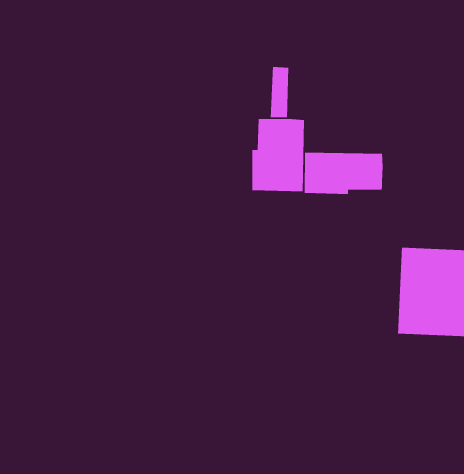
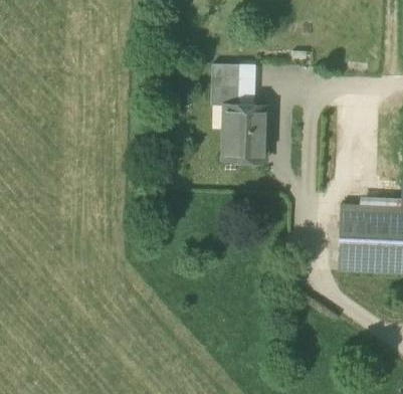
building: none -> [211,63,241,106]
building: [304,152,384,195] -> none

